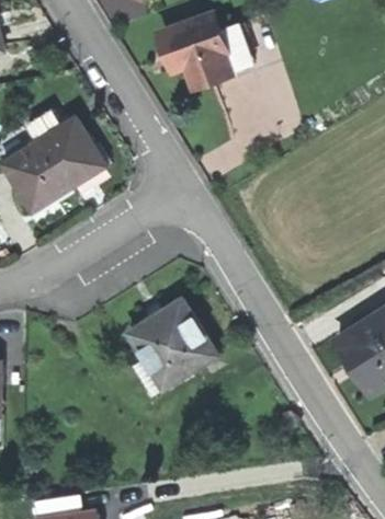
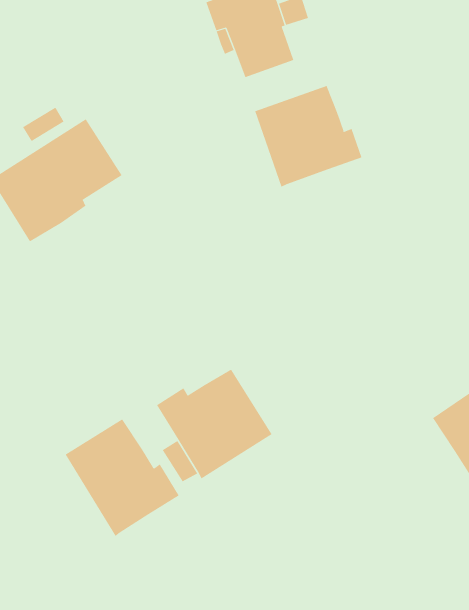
building: none -> [255,85,362,188]
building: none -> [65,418,180,537]

